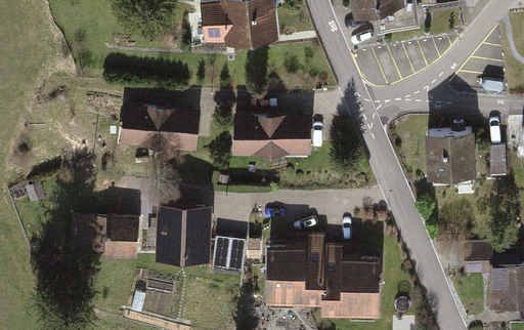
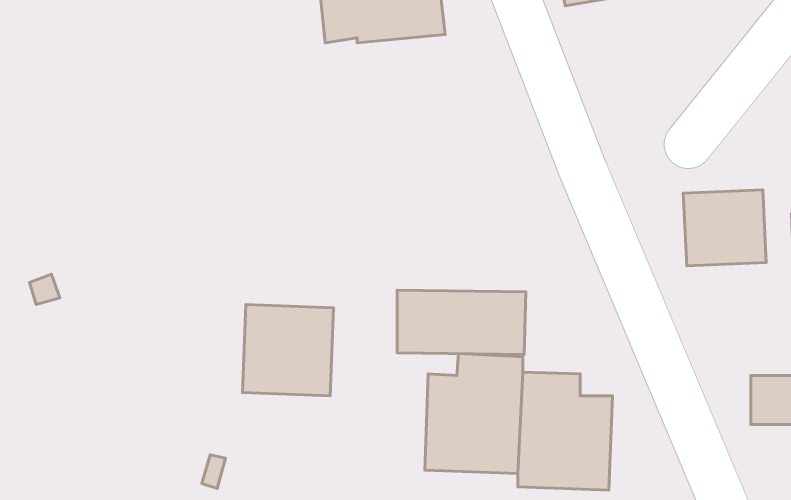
building: [120,104,201,151] -> none
building: [233,117,311,156] -> [397,290,526,354]
building: [71,217,137,259] -> none
building: [212,240,246,273] -> none

